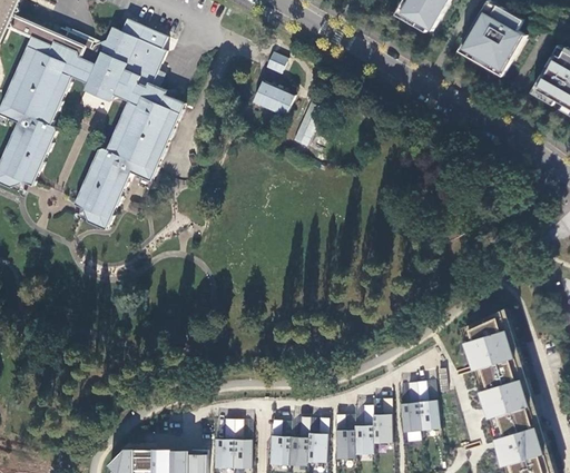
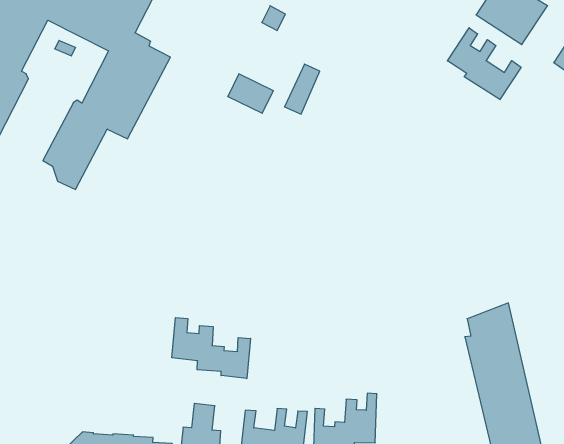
building: none -> [447,28,521,100]
building: [252,81,293,116] -> [228,74,273,113]
building: none -> [172,318,250,379]
building: [400,381,438,433] -> none

